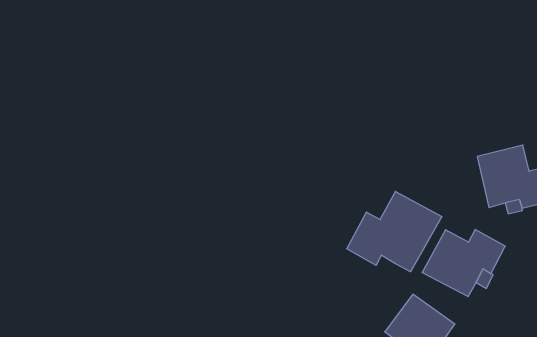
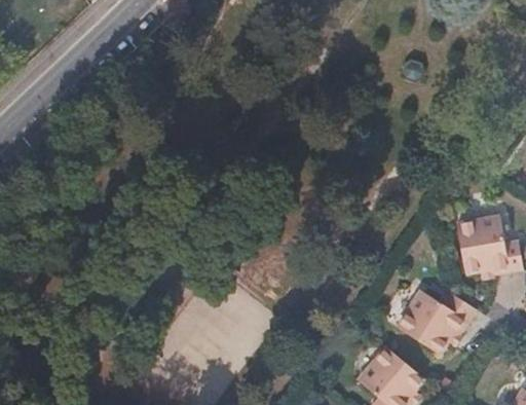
building: [347,191,442,272] -> none

